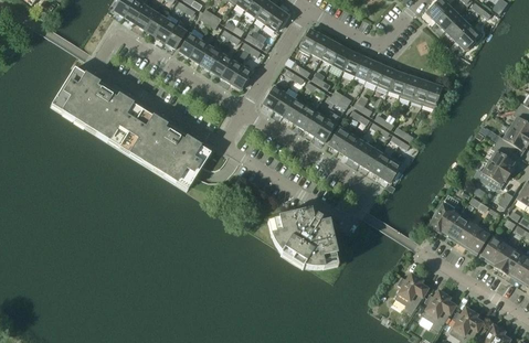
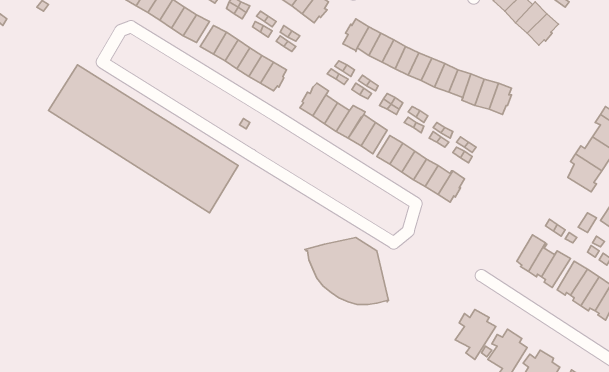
building: [475,162,509,191] -> none
building: [429,201,459,233] -> none

